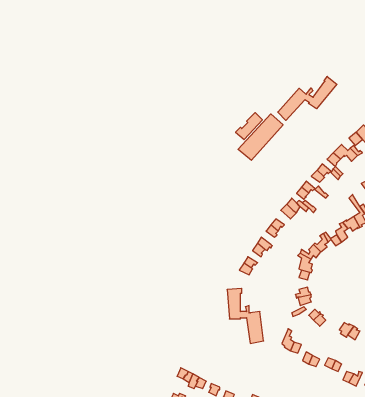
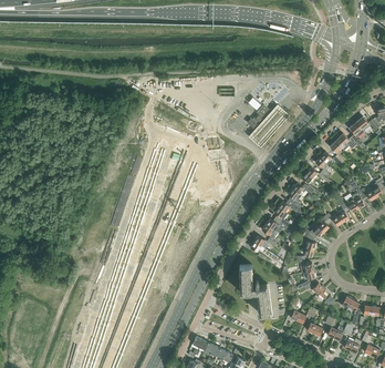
building: [278,76,337,120] -> none

